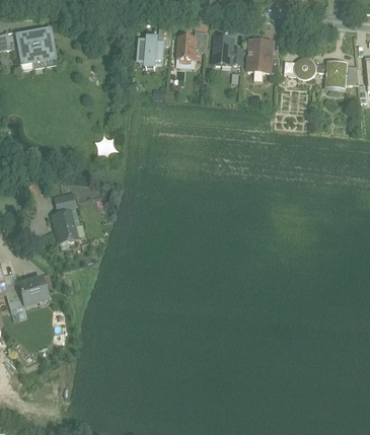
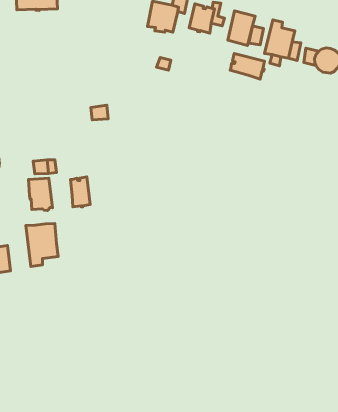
building: none -> [230,53,264,79]
building: none -> [70,177,90,207]
building: none -> [26,224,58,267]

